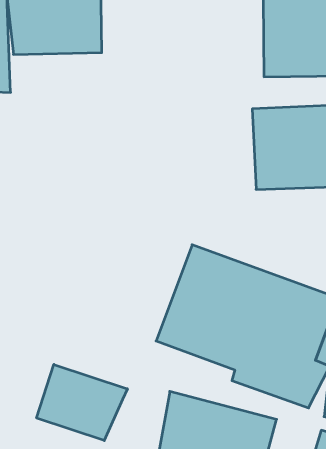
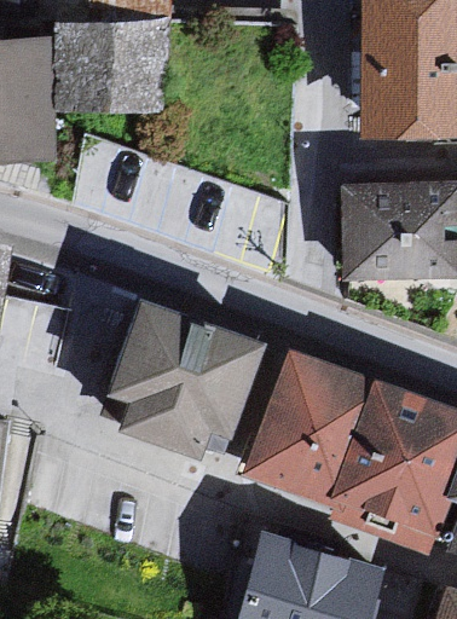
building: none -> [96,299,261,458]
building: [37,364,127,441] -> none

